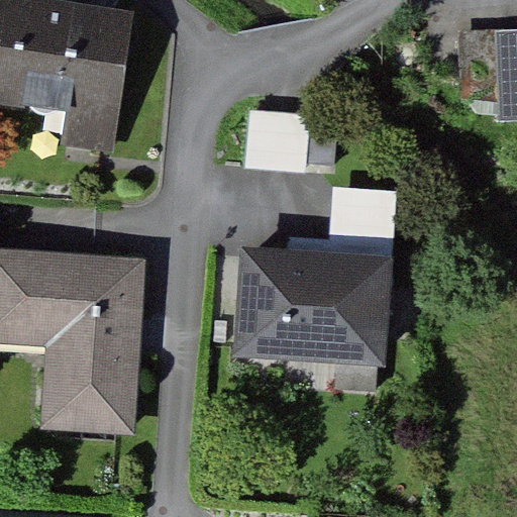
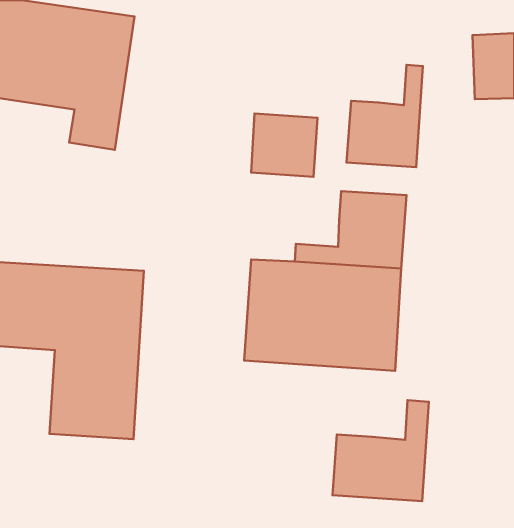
building: none -> [347,65,423,167]
building: none -> [332,400,429,501]

